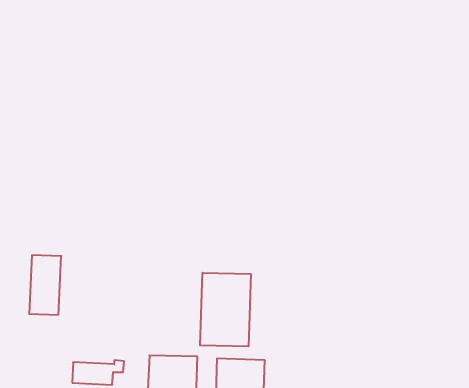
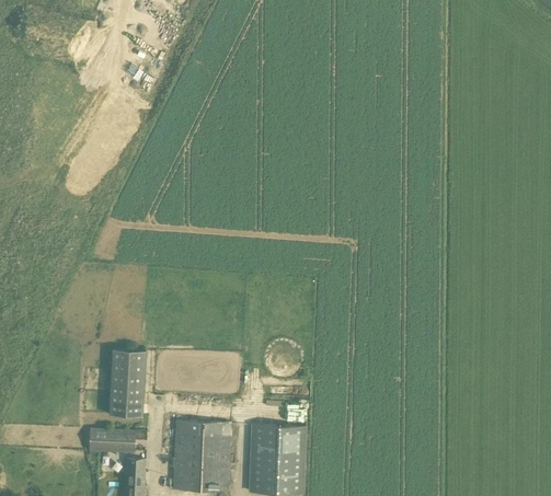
building: [29,255,61,315] -> [110,349,146,416]
building: [200,273,251,346] -> none

